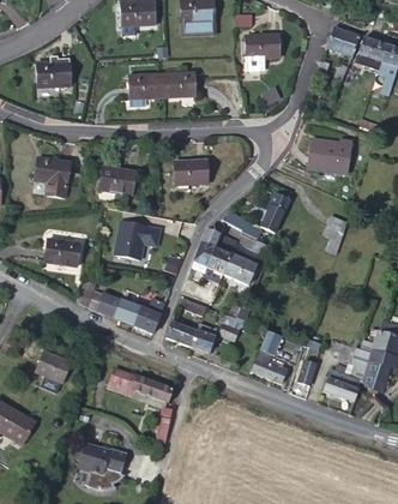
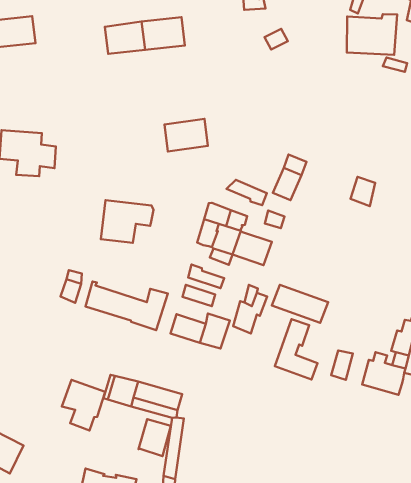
building: [308,139,352,174] -> [347,14,397,55]
building: [100,164,135,193] -> none
building: [44,238,80,265] -> none
building: none -> [272,285,328,323]
building: [35,349,72,392] -> [62,380,105,430]
building: none -> [139,419,171,456]

